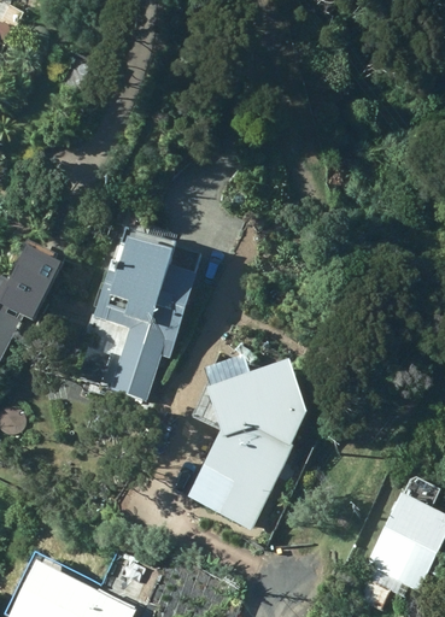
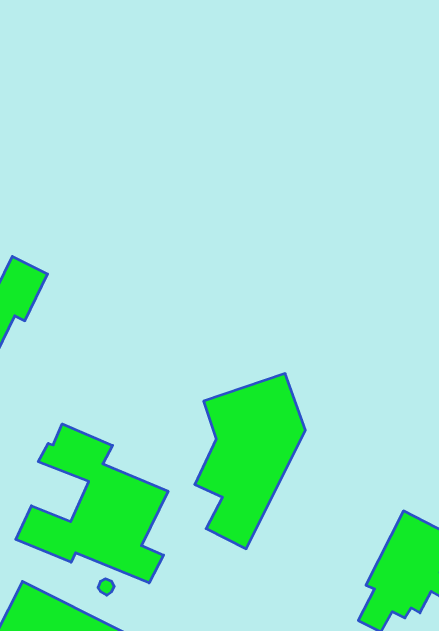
building: [96,234,197,406] -> none
building: none -> [16,424,168,583]

